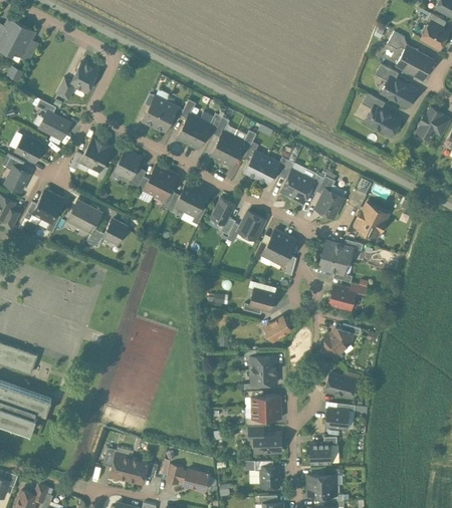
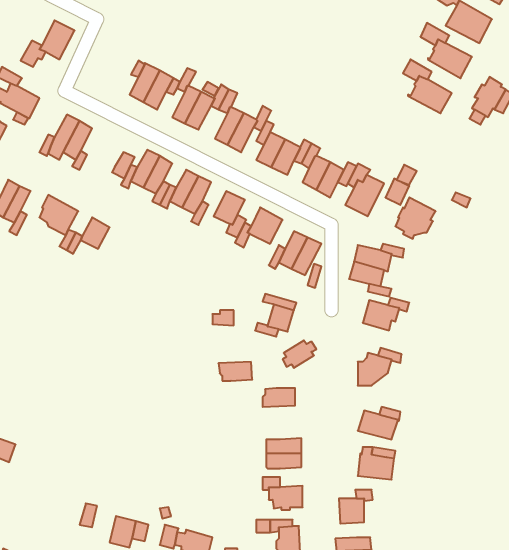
building: [115,151,142,180] -> none
building: [249,370,276,386] -> [218,362,252,381]
building: [110,455,132,480] -> none

